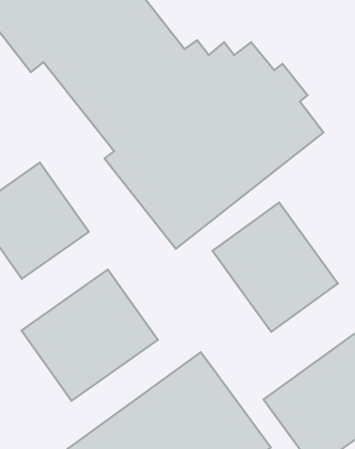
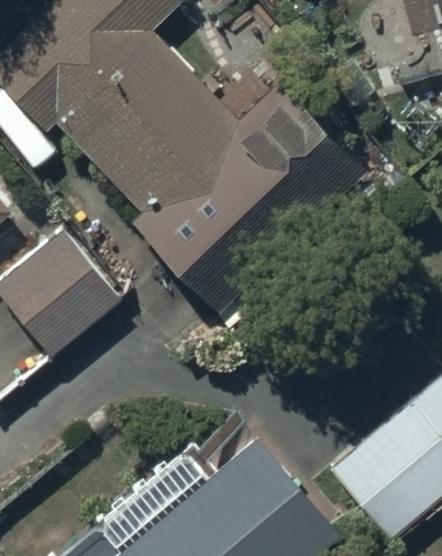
building: [213,202,338,332] -> none
building: [22,269,158,401] -> none

